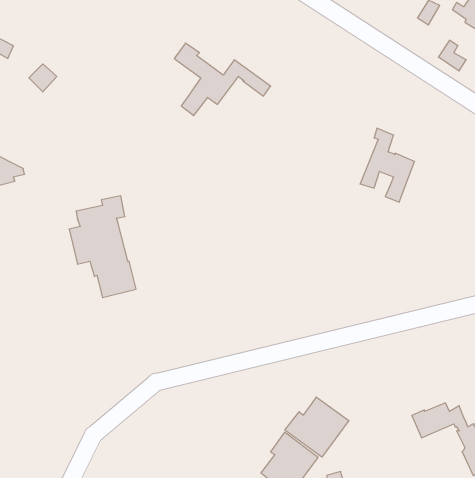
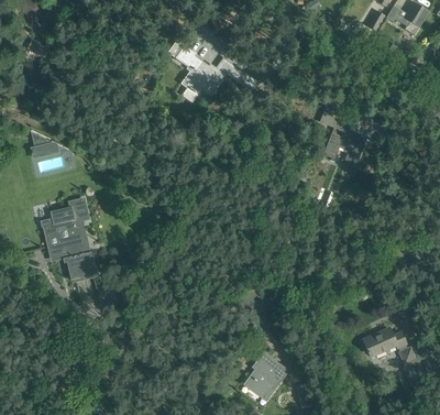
building: [69,196,136,298] -> [44,199,97,280]
building: [285,397,349,457] -> none

